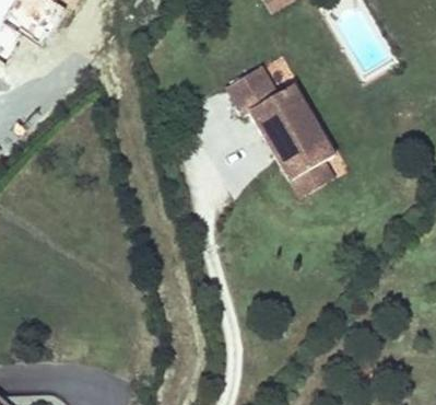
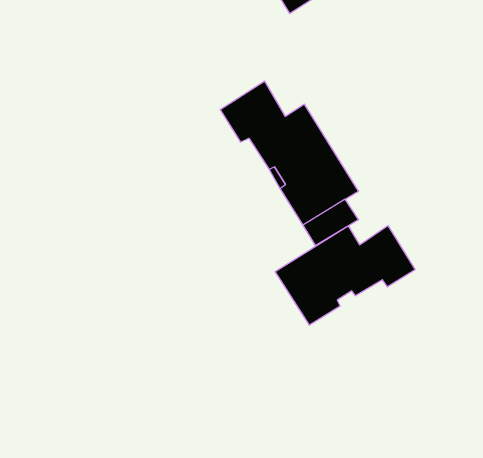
building: none -> [275,226,415,325]

